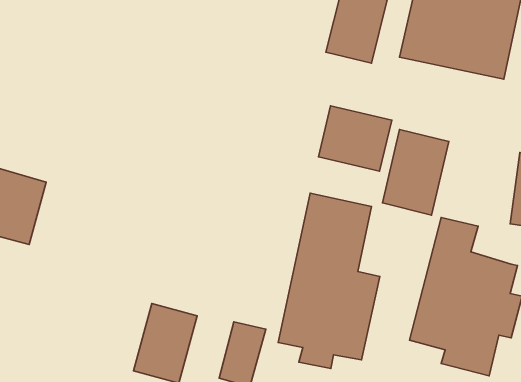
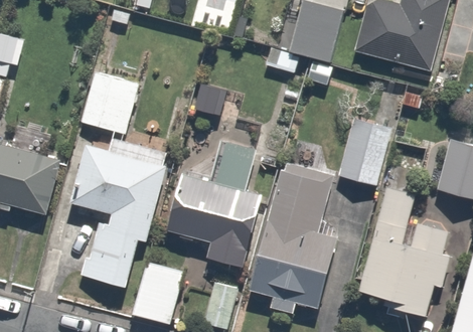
building: none -> [81,72,139,134]
building: [318,106,392,171] -> none
building: none -> [71,143,167,286]
building: none -> [168,145,264,264]

